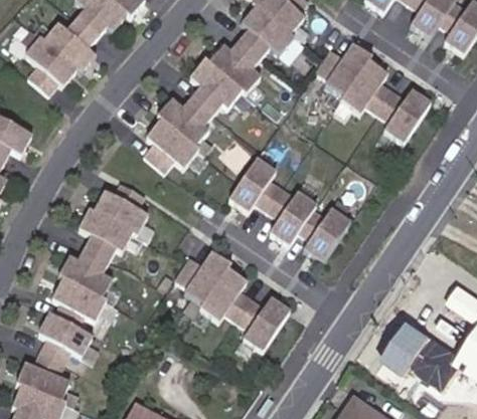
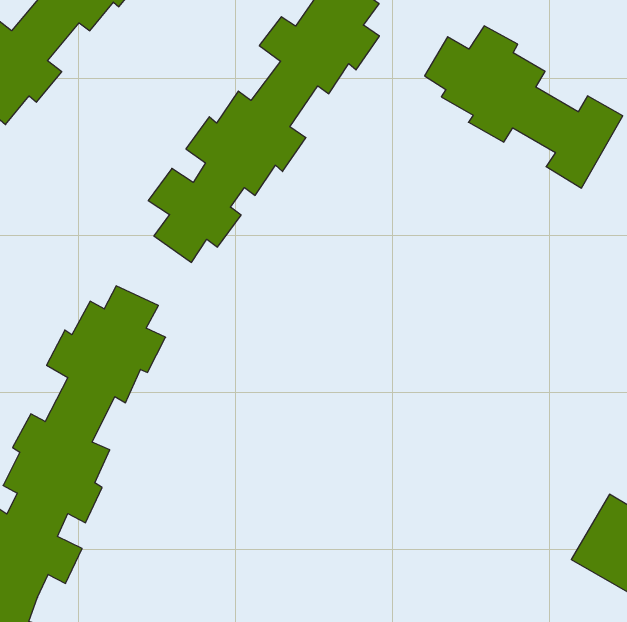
building: [225,157,347,259] -> none
building: [173,249,289,349] -> none

